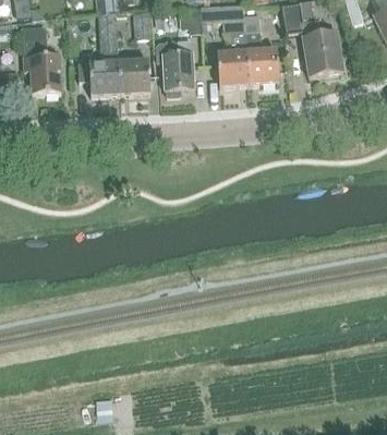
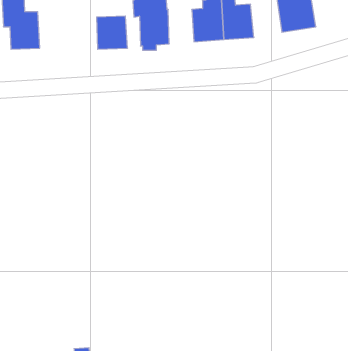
building: [78,49,121,95] -> none

